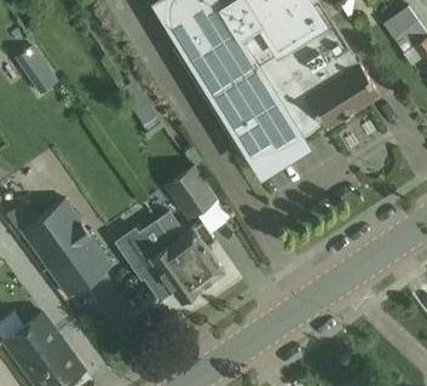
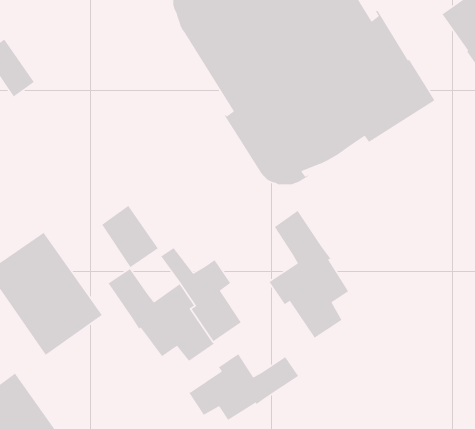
building: [172,165,218,215] -> [101,205,159,268]
building: none -> [268,210,349,339]
building: none -> [188,353,299,421]

